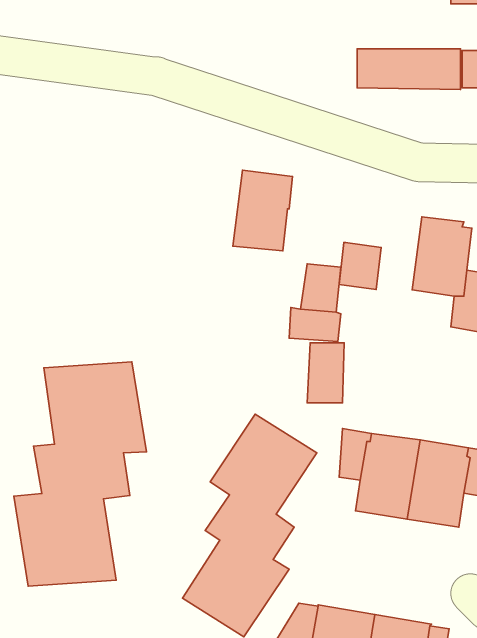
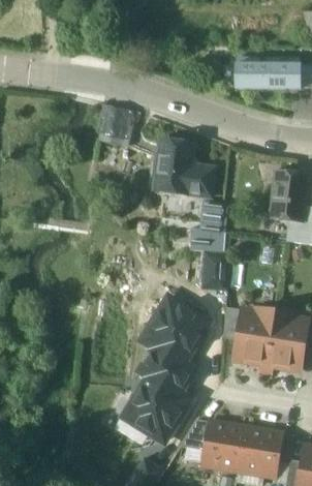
building: none -> [95,103,130,140]
building: [339,243,381,289] -> [186,165,213,195]
building: [14,362,146,586] -> none

